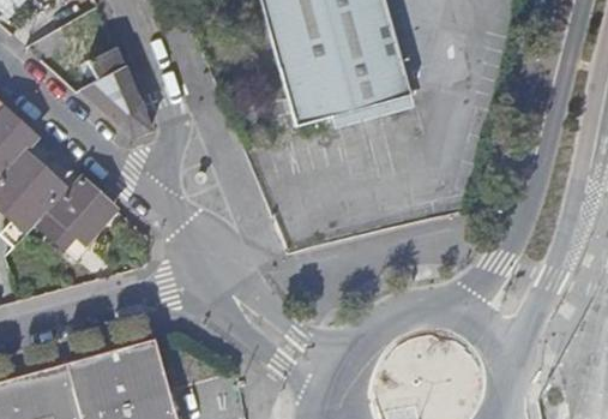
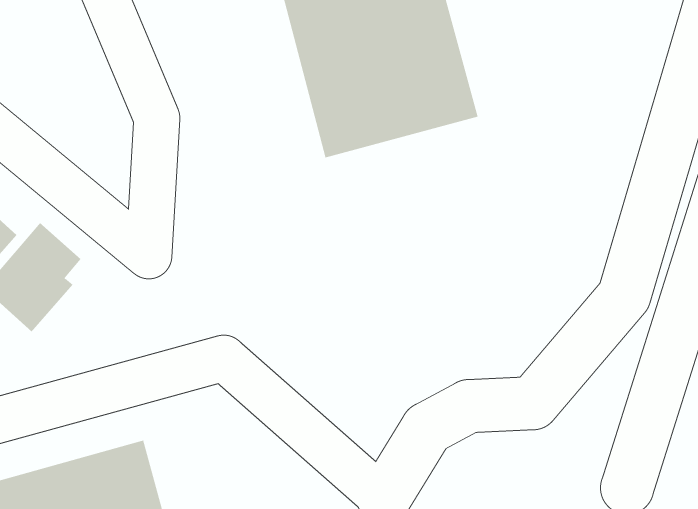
building: [80,46,151,134] -> none

